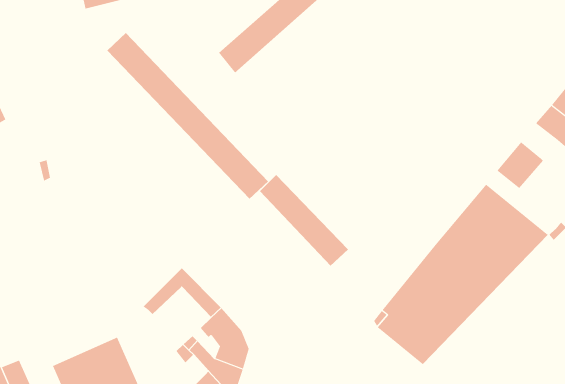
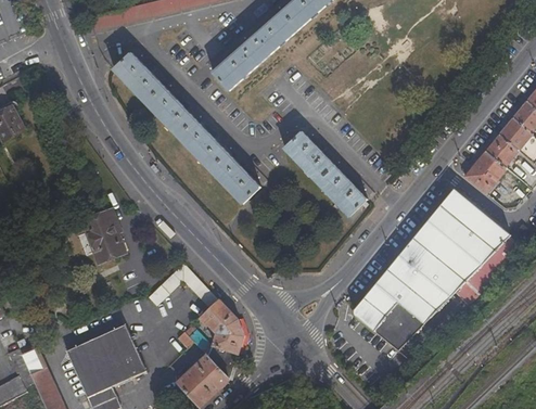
building: none -> [485,135,518,166]
building: [259,174,349,266] -> [285,132,366,215]
building: none -> [79,209,125,265]

